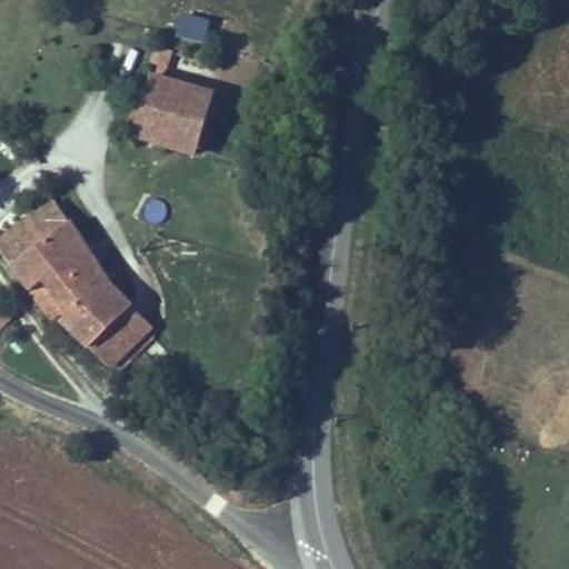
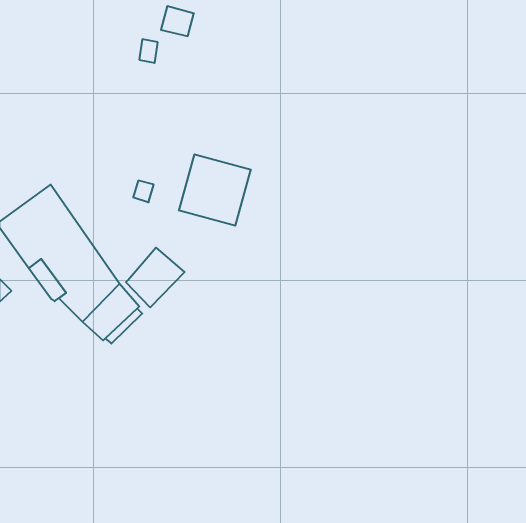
building: [132,74,210,151] -> [179,154,251,226]
building: none -> [126,248,185,307]

